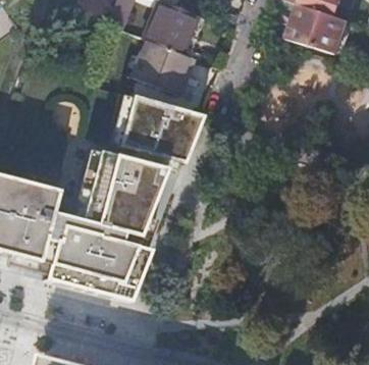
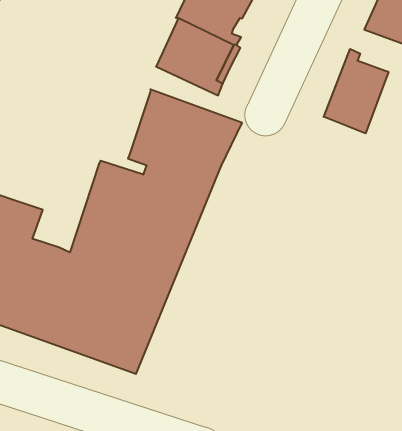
building: none -> [324,49,388,133]

